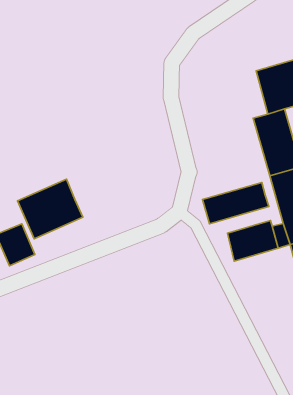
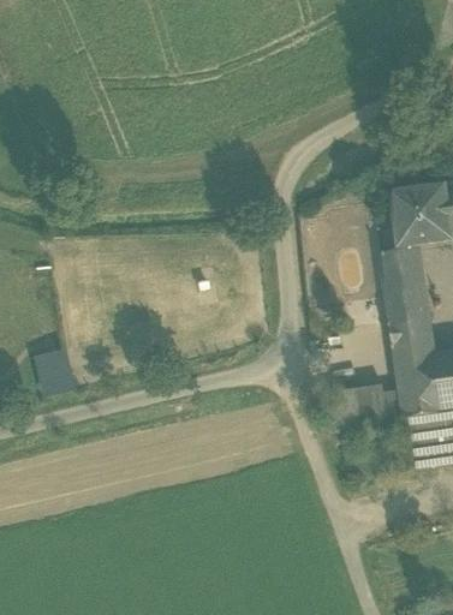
building: [17,179,83,239] -> none
building: [203,182,269,224] -> none

